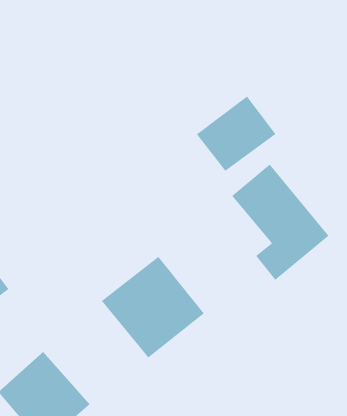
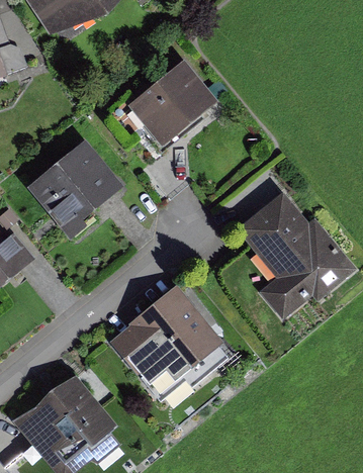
building: [196,95,276,172] -> [130,67,208,140]
building: none -> [31,150,116,231]

